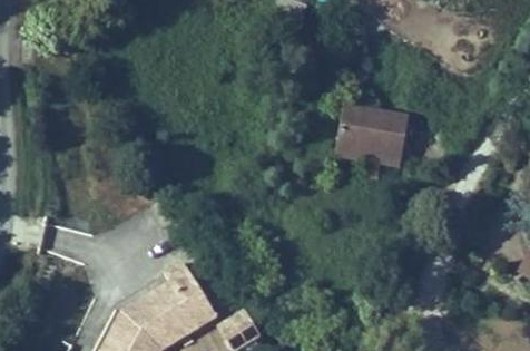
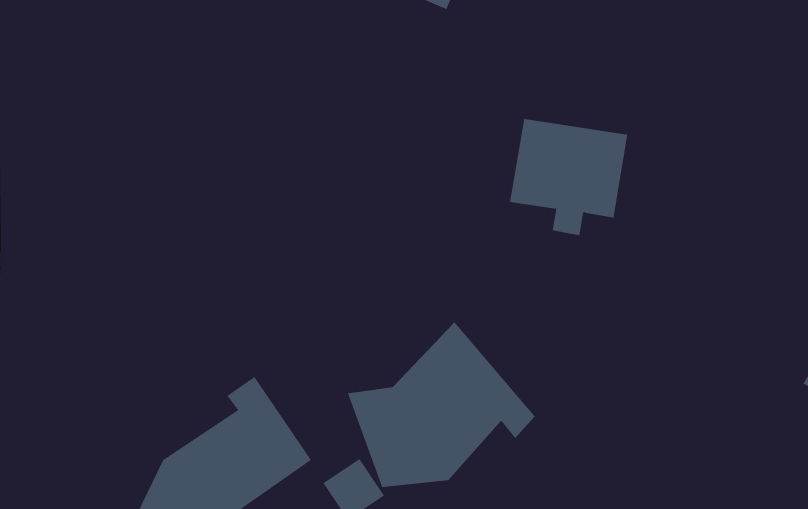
building: none -> [347,321,536,488]

